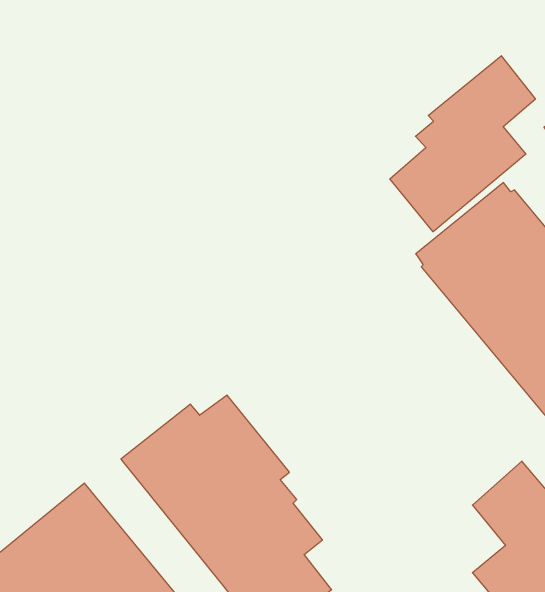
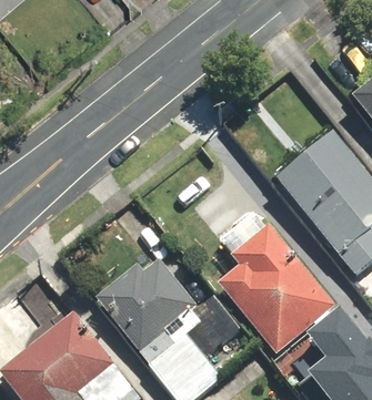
building: [390,56,535,232] -> none
building: none -> [217,208,334,349]

